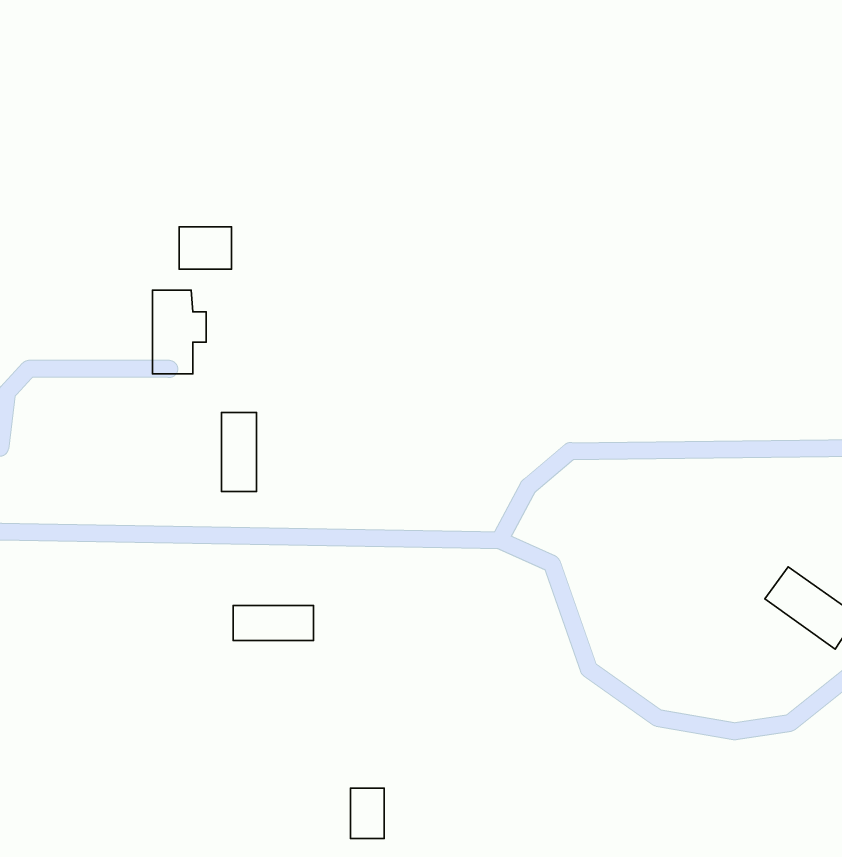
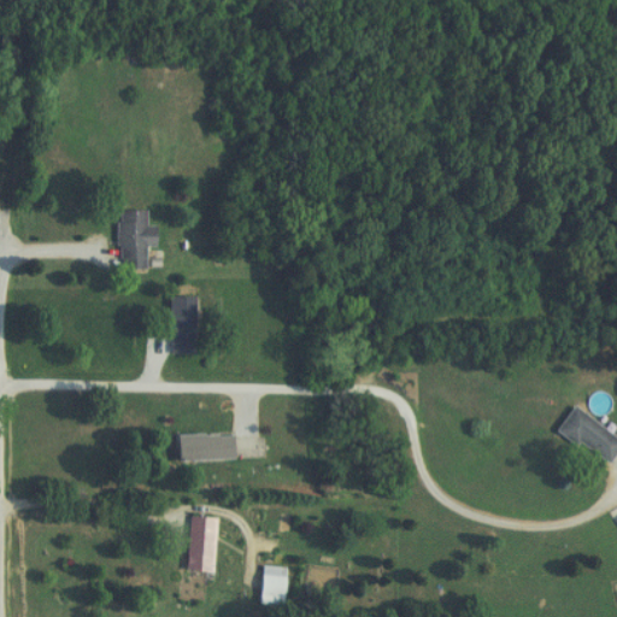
building: [179,227,232,269] -> none
building: none -> [187,516,219,571]

